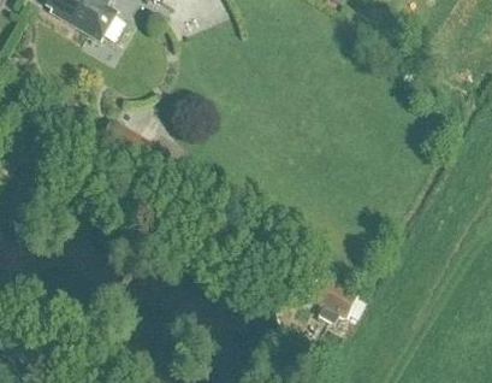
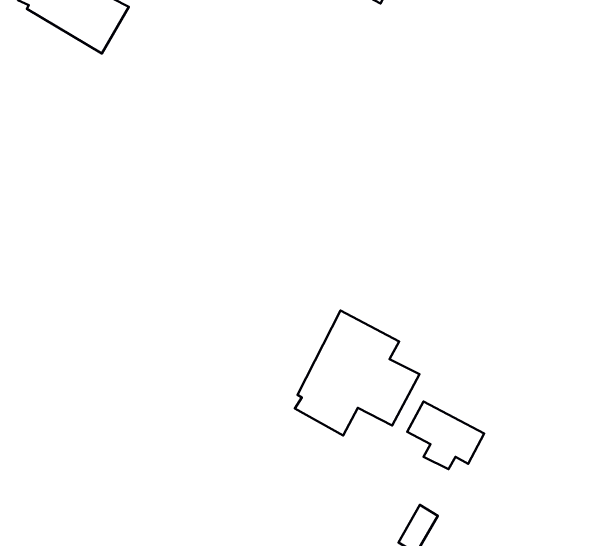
building: none -> [295,311,420,435]

